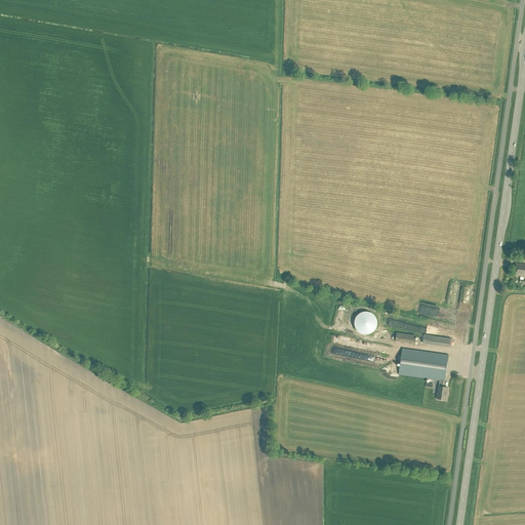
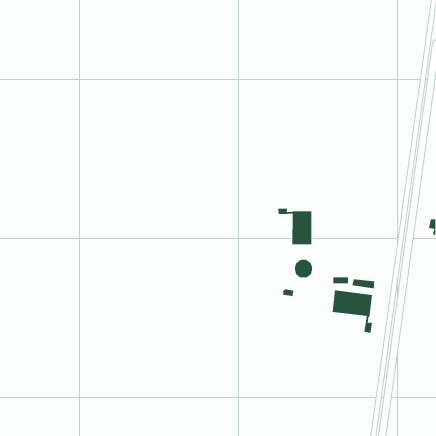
building: none -> [278,208,312,245]

